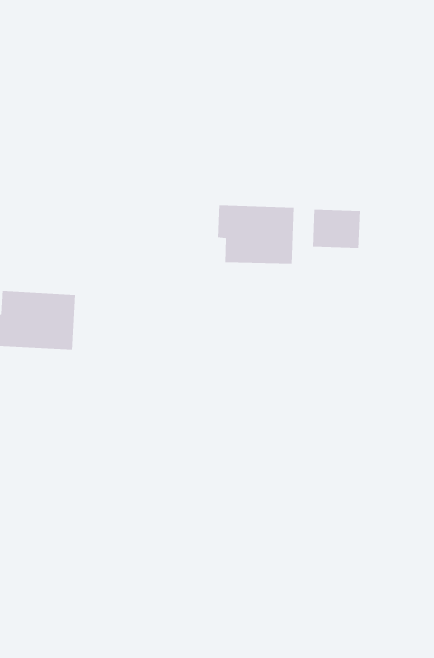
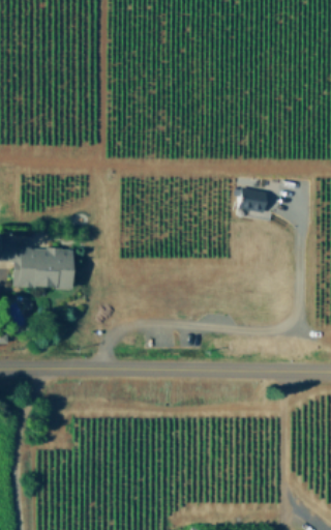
building: [217,205,294,265] -> none

